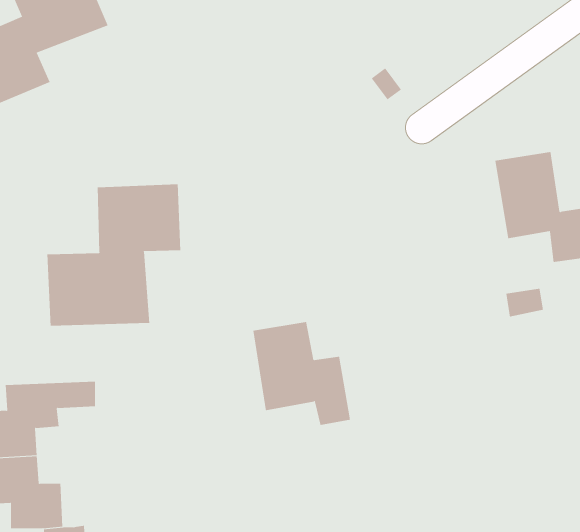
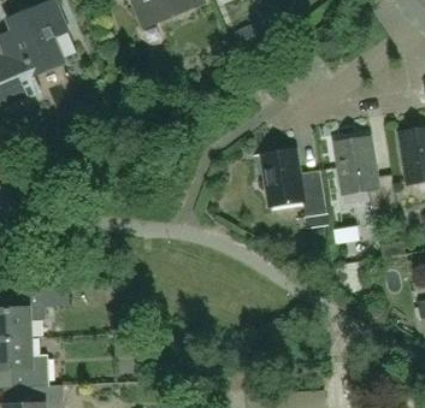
building: [47,184,181,327] -> none
building: [252,321,351,425] -> [259,148,324,217]

